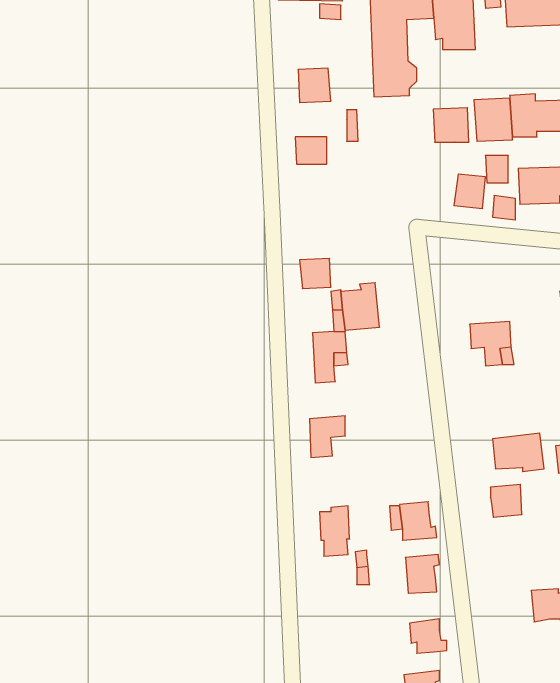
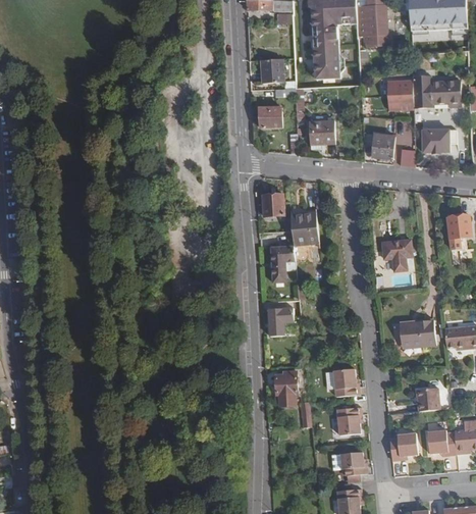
building: [433,108,469,142] -> [309,119,334,144]
building: [490,484,522,517] -> [417,387,439,410]
building: none -> [389,431,417,459]

